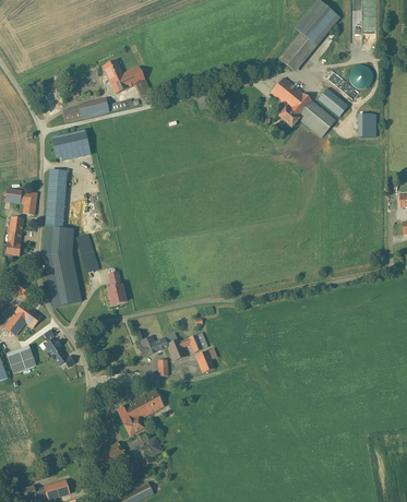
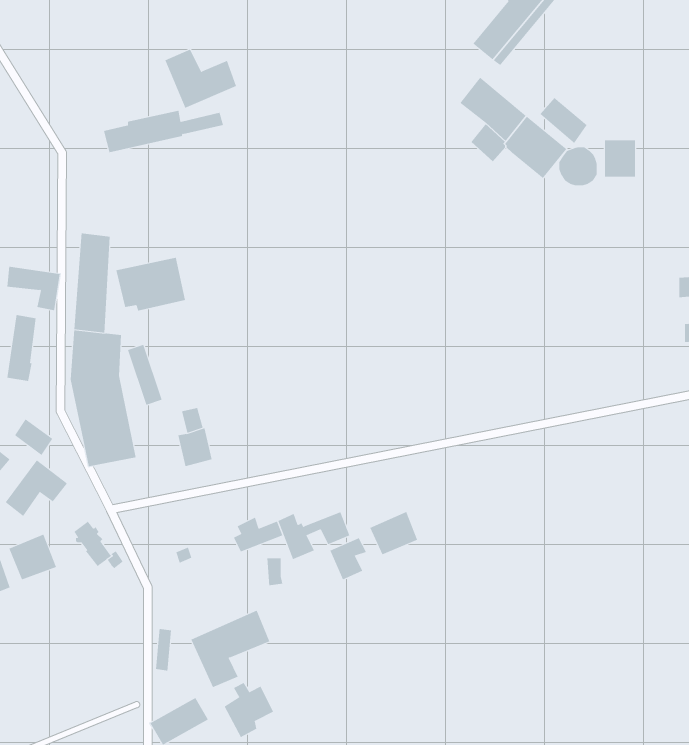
building: [349,65,372,88] -> [559,147,598,186]
building: [50,130,92,162] -> [115,257,186,311]
building: none -> [369,511,418,555]

